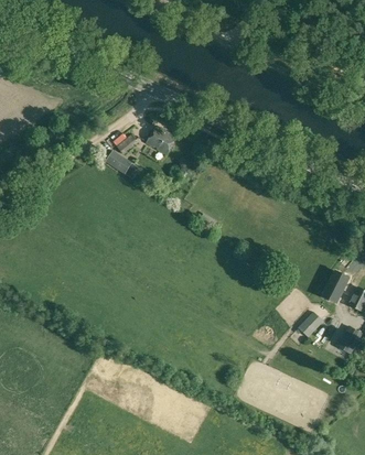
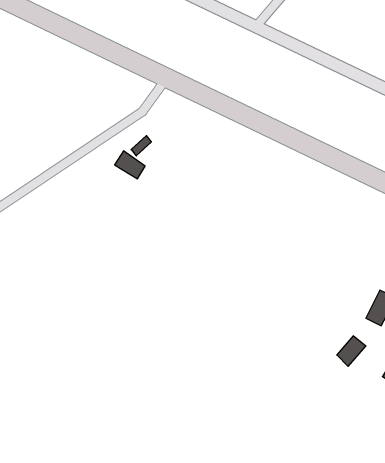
building: [147,124,176,153] -> none

